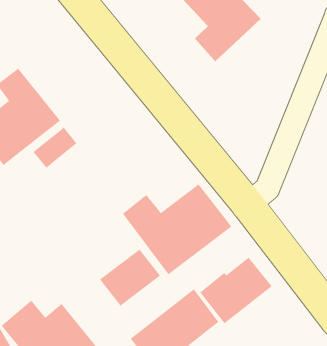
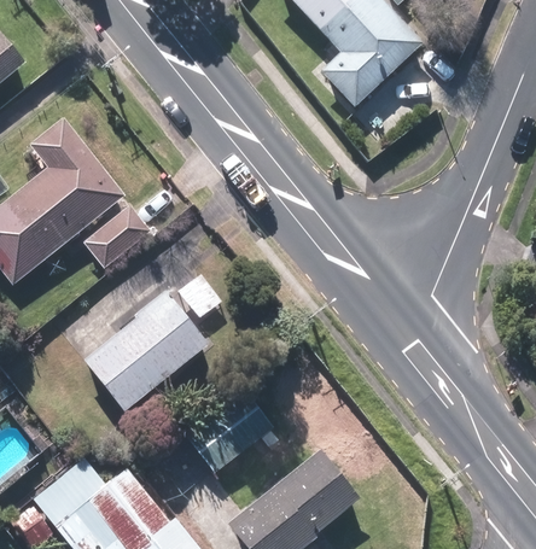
building: none -> [82,288,208,410]
building: [122,183,232,275] -> none
building: [199,257,273,324] -> none

